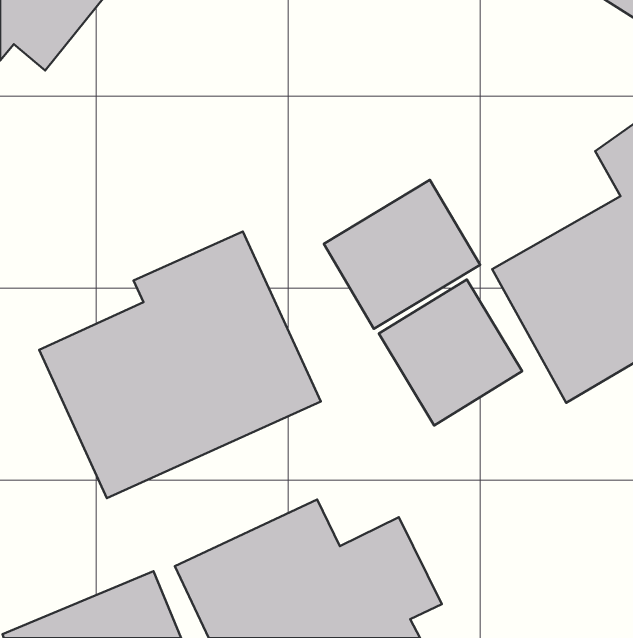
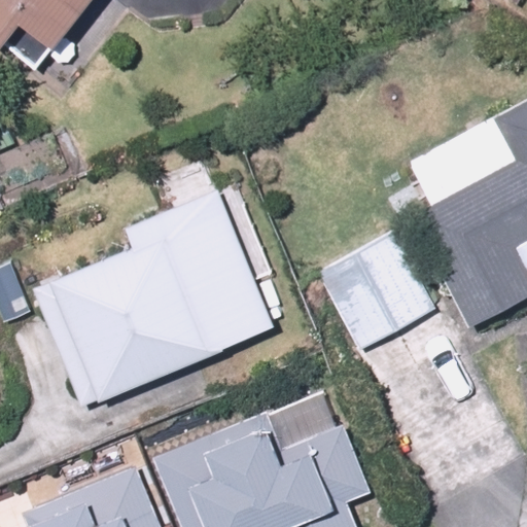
building: [324,180,480,329] -> none

